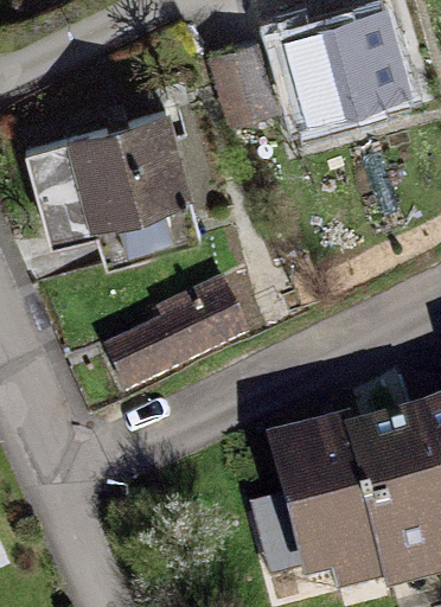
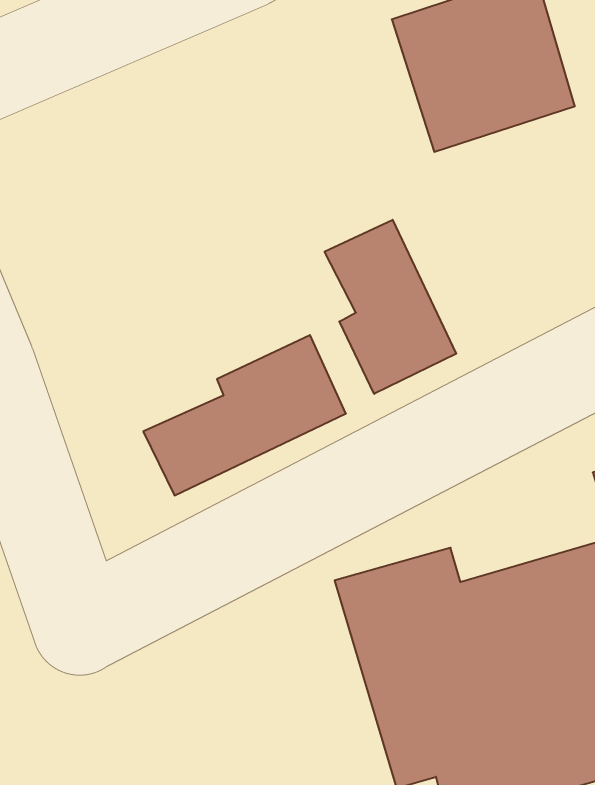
building: [45,107,181,232] -> none
building: none -> [325,220,456,394]

